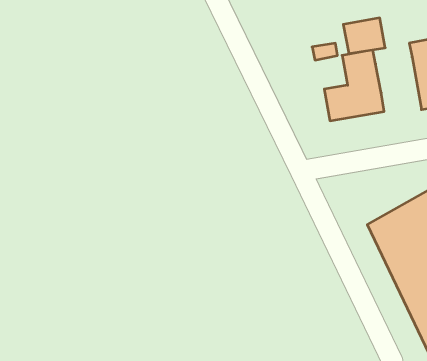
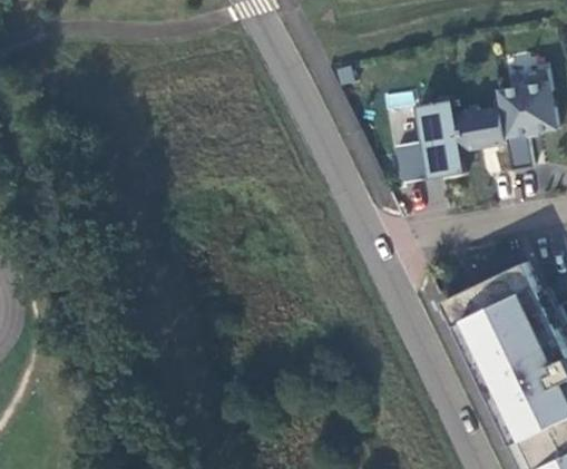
building: [343,18,385,53] -> [456,106,506,148]

